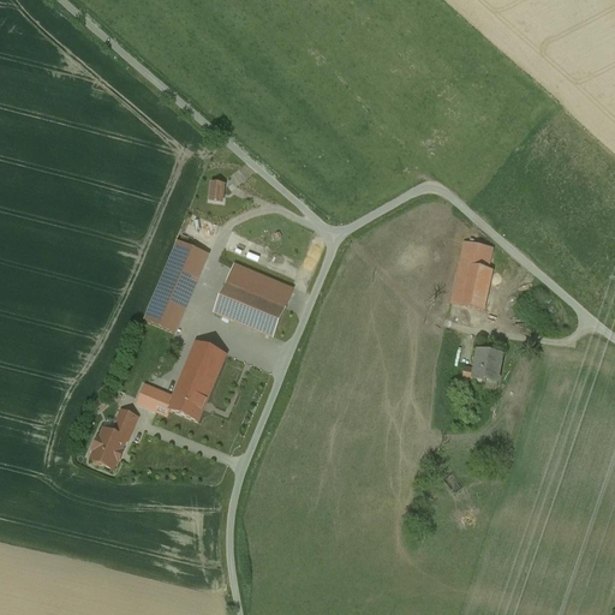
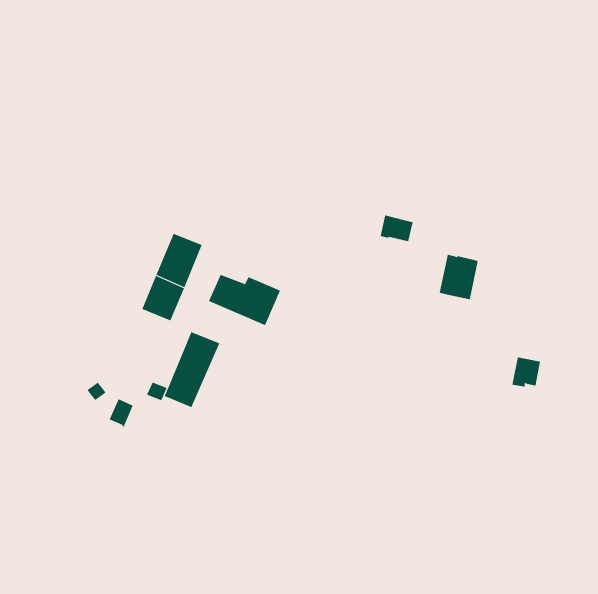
building: [459,239,494,267] -> [380,215,414,242]
building: [226,262,293,298] -> none
building: [472,348,502,380] -> [511,357,541,387]
building: [91,426,125,466] -> none

